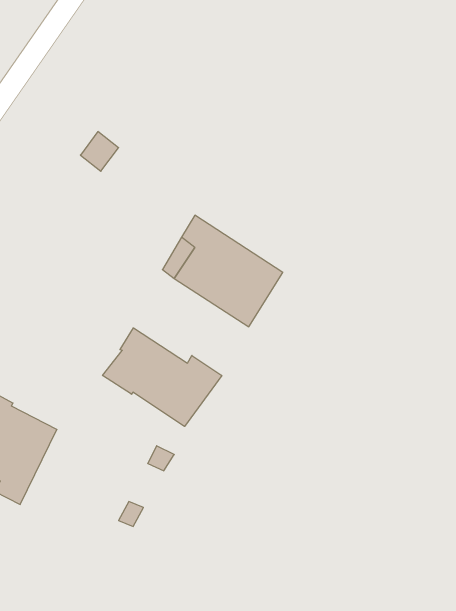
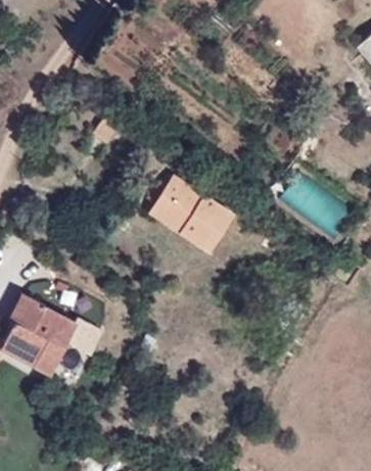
building: [103,328,222,426] -> none

